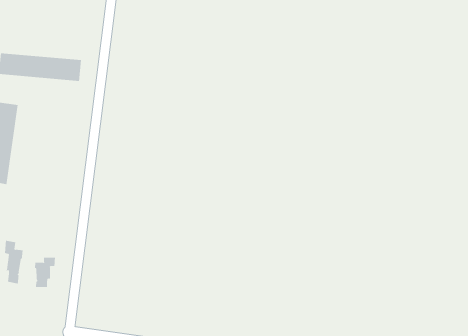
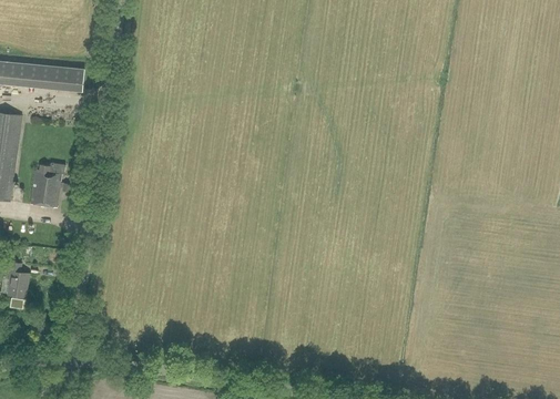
building: none -> [29,164,68,208]
building: [35,257,56,288] -> none

